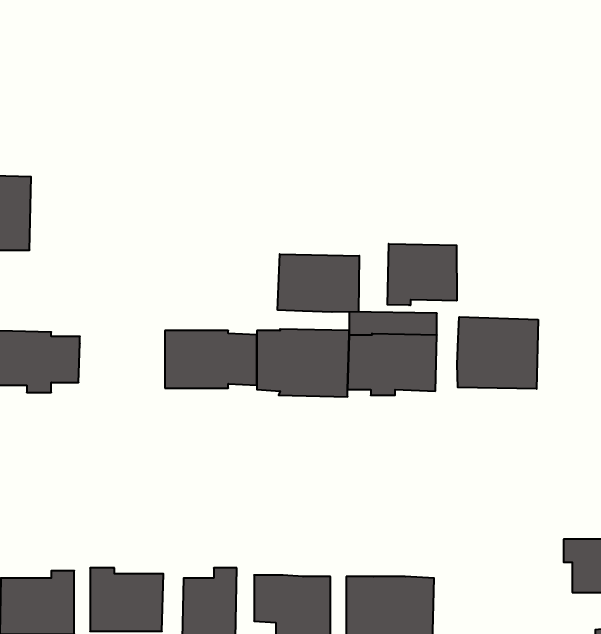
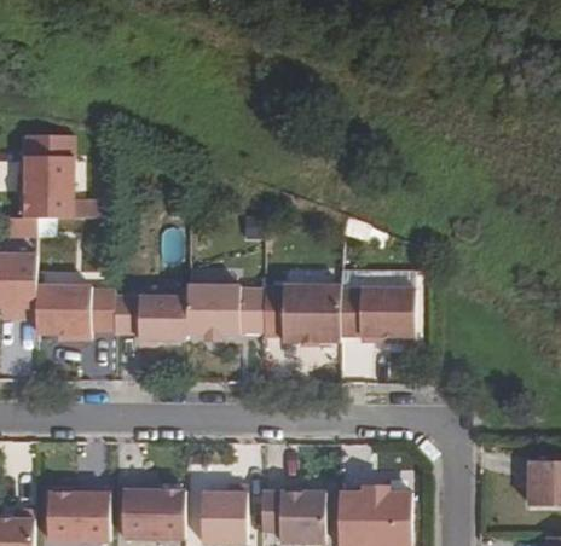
building: [387,244,457,305] -> none
building: [278,254,359,312] -> none
building: [457,317,538,389] -> none
building: none -> [114,296,186,338]

